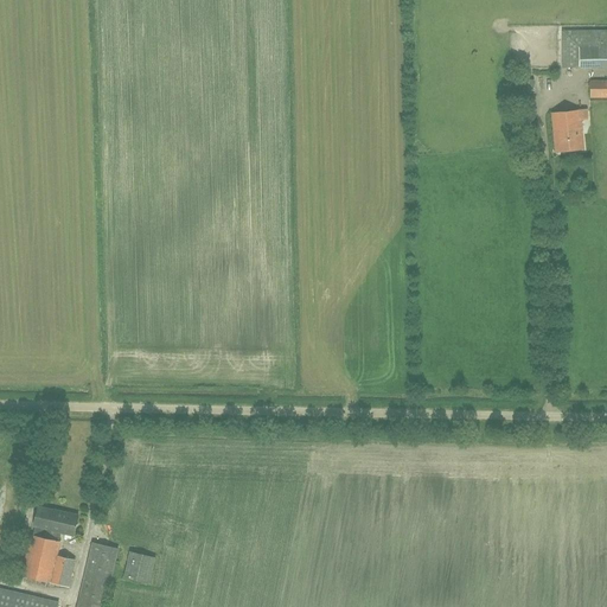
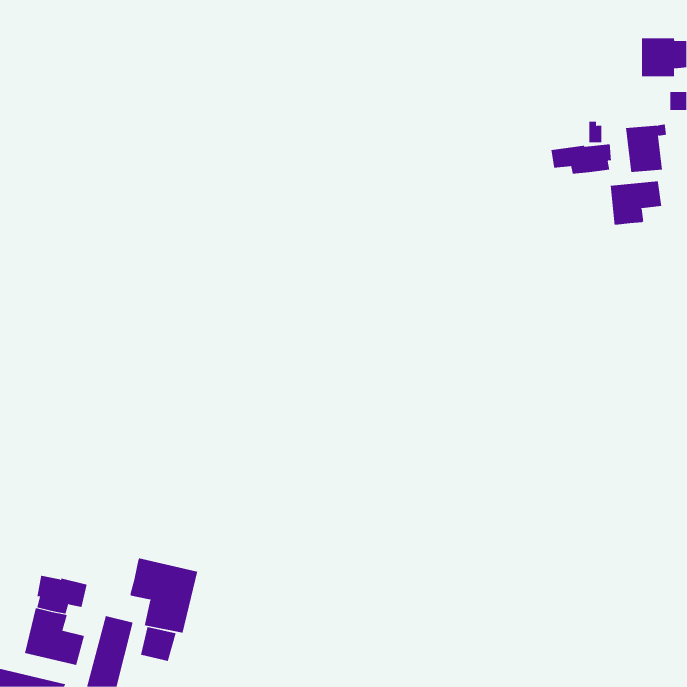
building: none -> [551,143,612,175]
building: none -> [610,180,662,225]
building: none -> [130,558,198,634]

